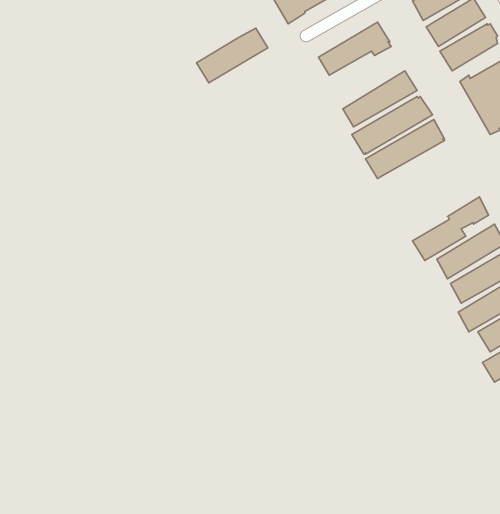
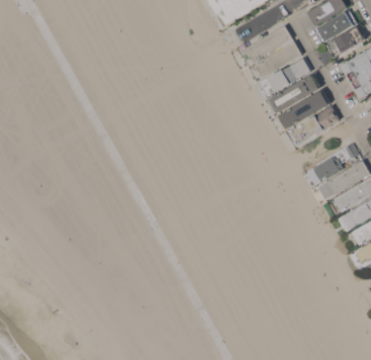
building: [197,28,268,83] -> [254,41,301,78]
building: none -> [289,106,339,144]

